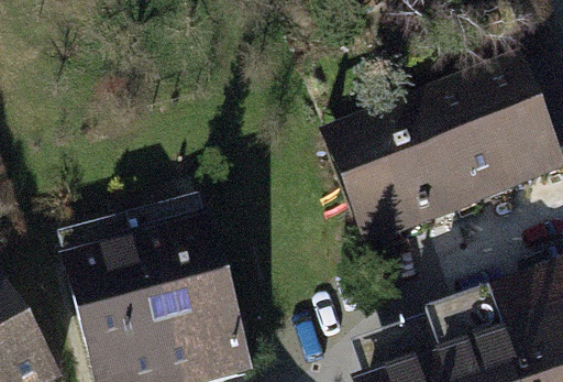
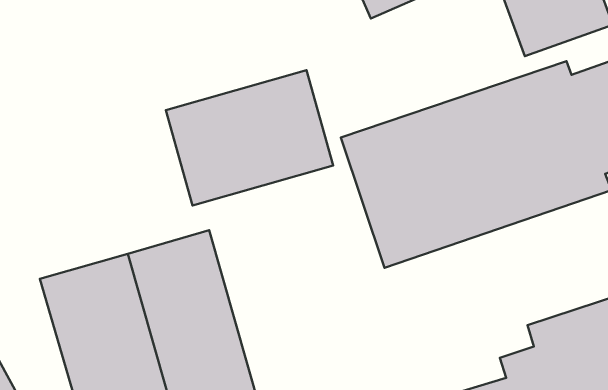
building: none -> [166,70,333,205]

